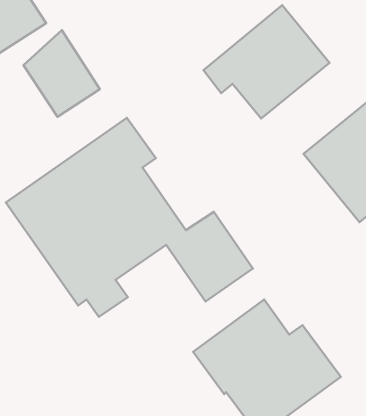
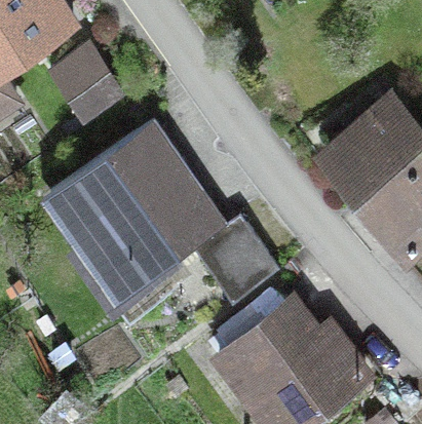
building: [204,5,329,119] -> none

